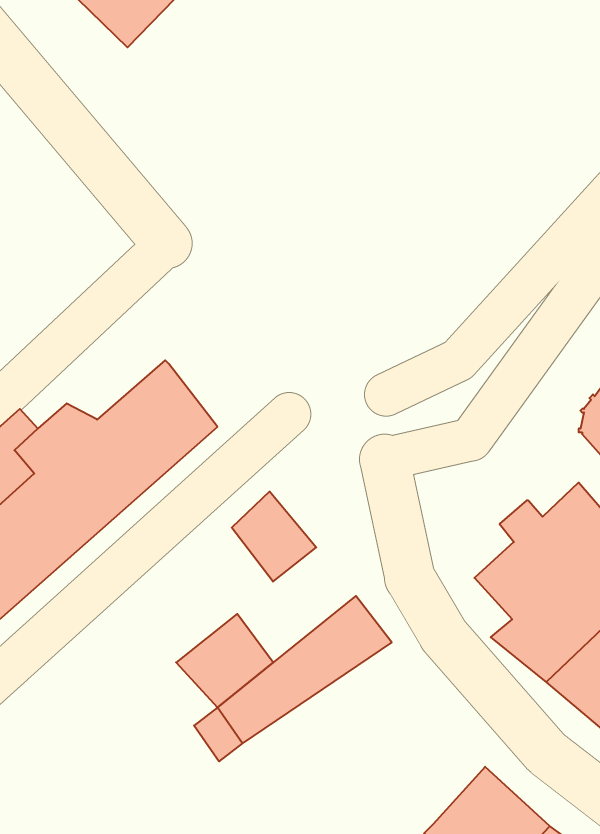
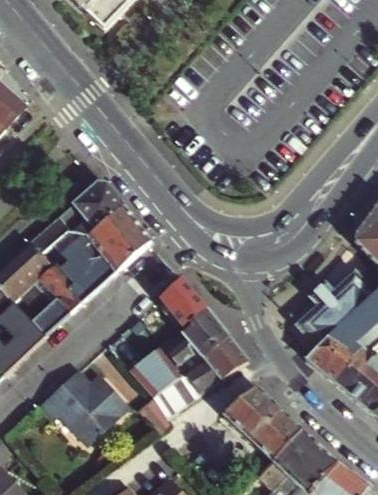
building: none -> [43,181,124,241]
building: none -> [163,307,230,371]
building: none -> [38,370,128,446]
building: none -> [221,385,302,461]

